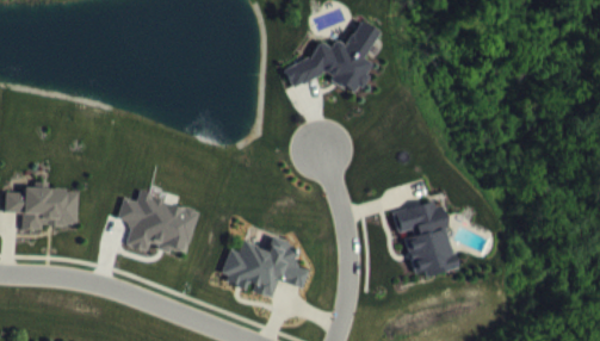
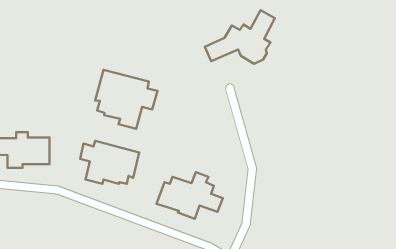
building: none -> [95,70,158,129]
building: [391,199,453,277] -> none

